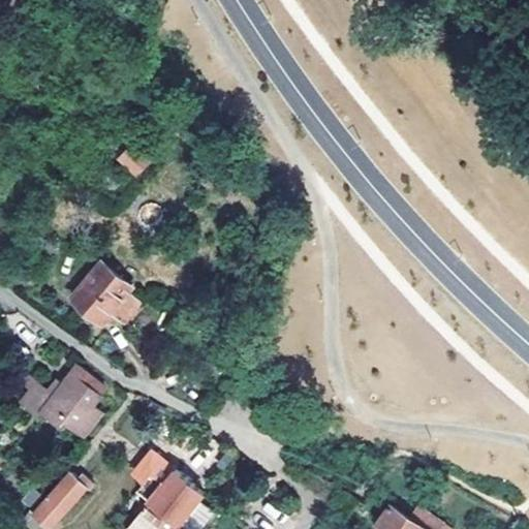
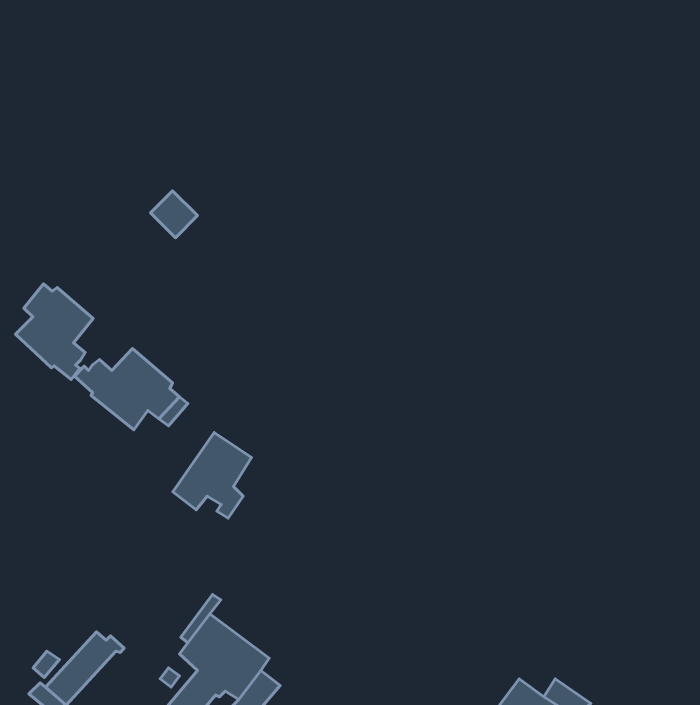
building: none -> [15,284,93,380]
building: [42,367,101,431] -> [173,432,251,518]

